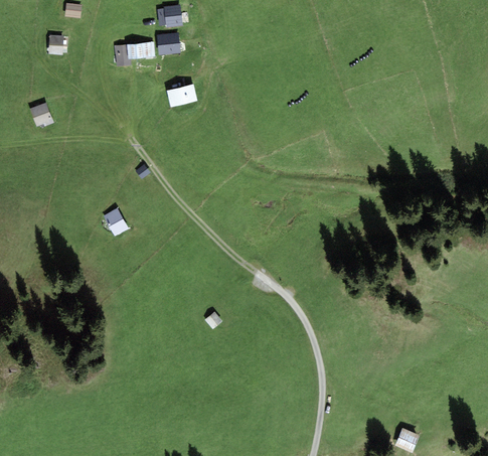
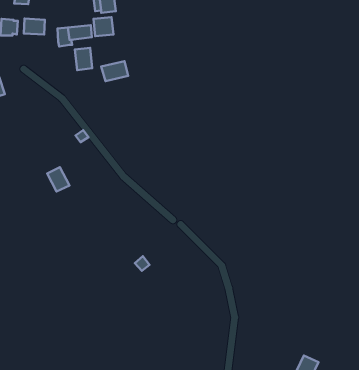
building: none -> [24,19,45,35]
building: none -> [75,48,92,70]

